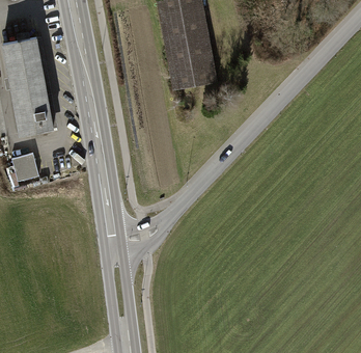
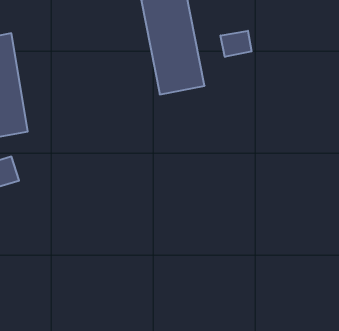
building: none -> [221,31,252,57]

